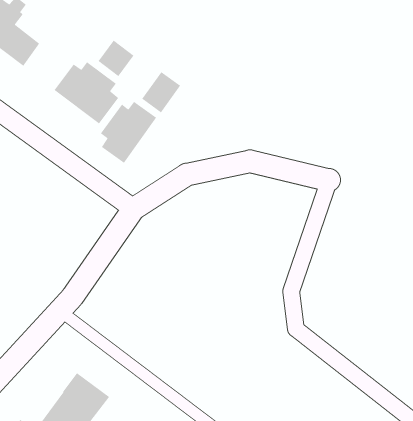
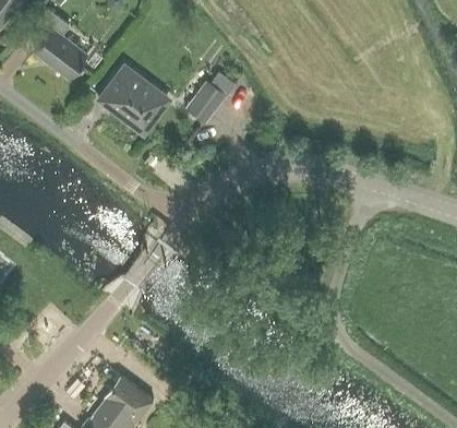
building: [97,40,135,77] -> none
building: [100,101,157,164] -> none

